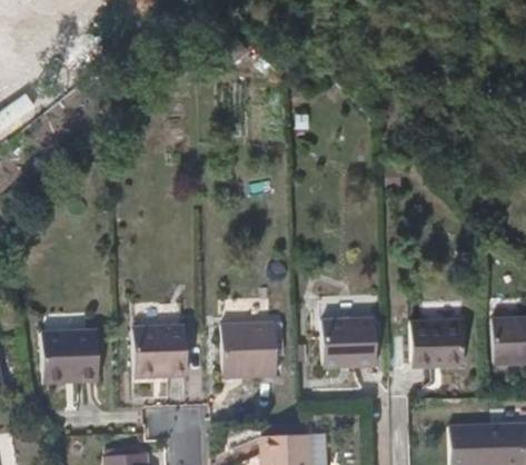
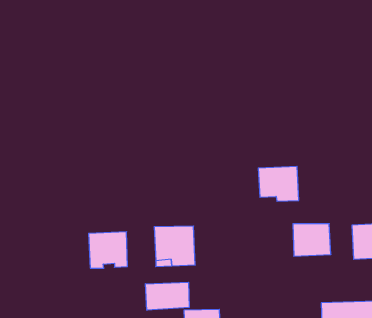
building: [322,317,378,365] -> [258,166,299,201]
building: [39,326,97,382] -> none
building: none -> [145,282,189,310]

